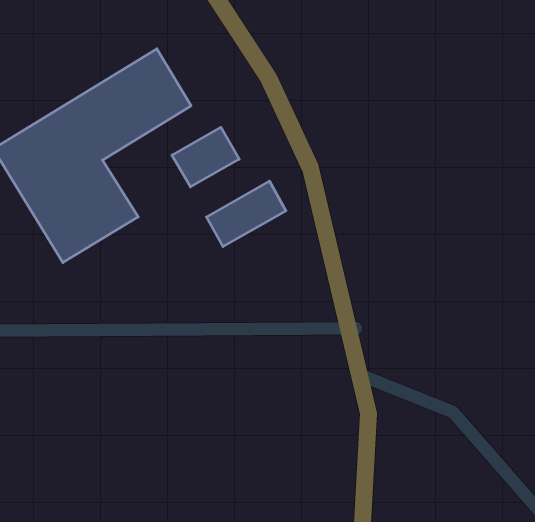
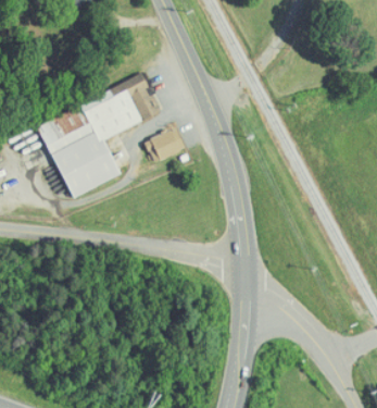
building: [206,181,286,247] -> none

